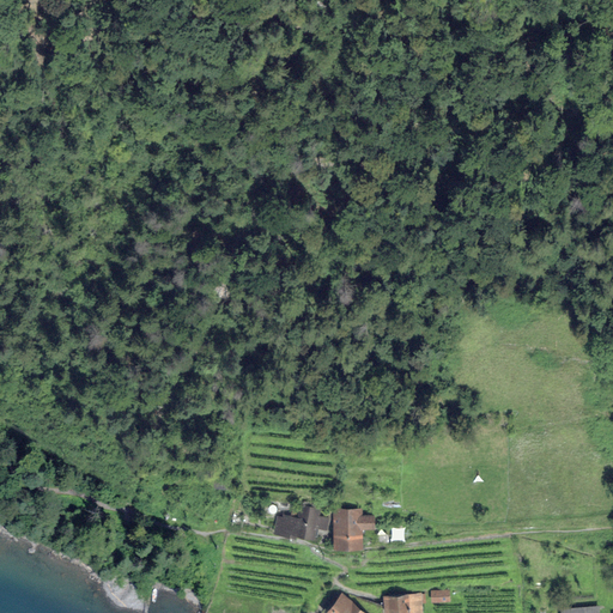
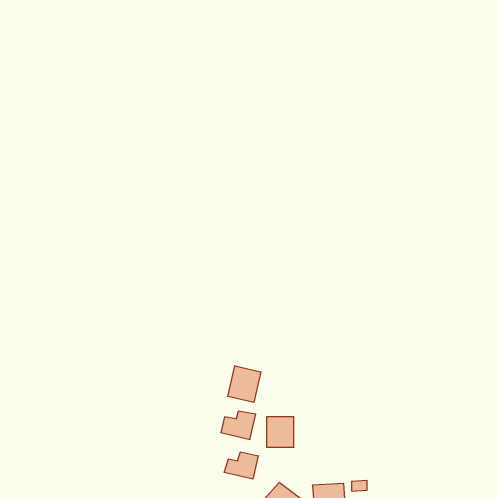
building: none -> [228,366,261,402]
building: none -> [224,452,258,479]

